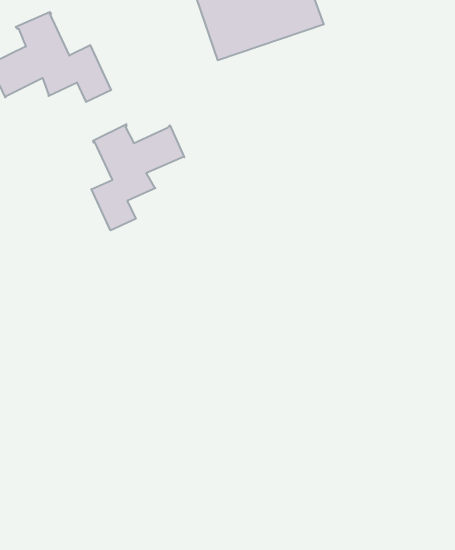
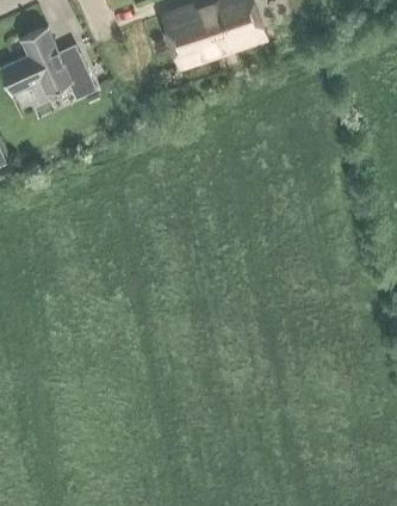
building: [91,124,184,230] -> none

